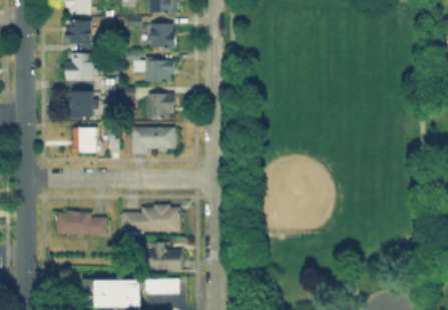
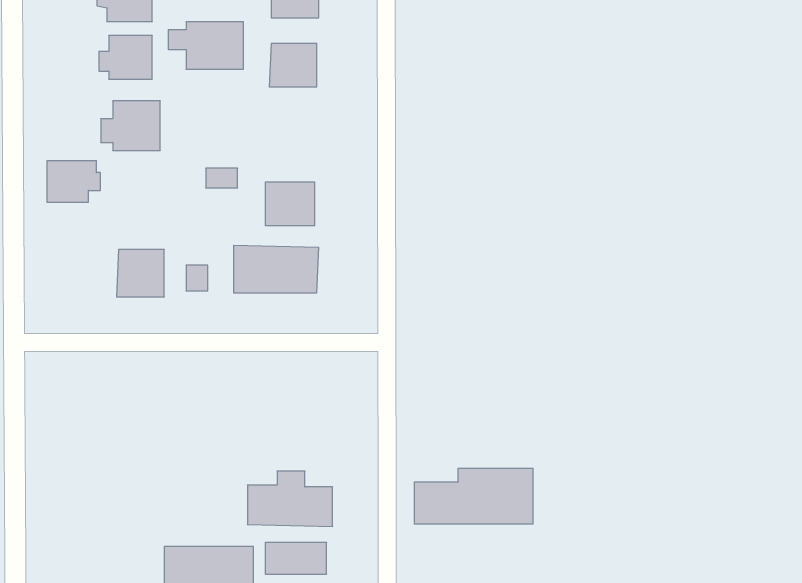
building: [134,58,172,82] -> [168,22,243,69]
building: [71,95,98,116] -> [47,161,100,202]
building: [120,204,180,232] -> [414,468,533,524]
building: [55,212,106,235] -> none

